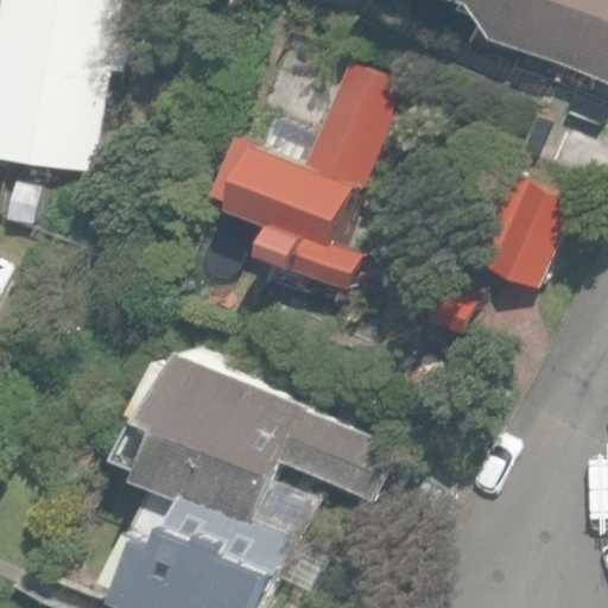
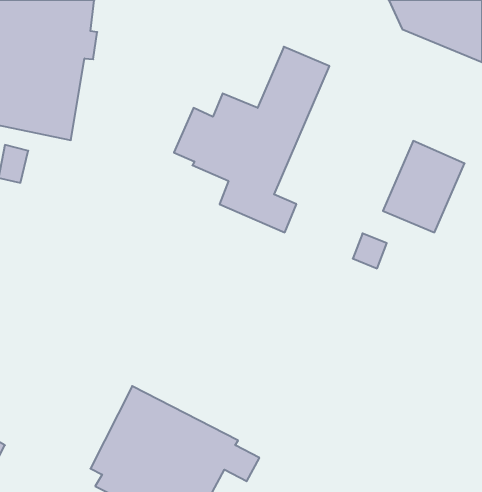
building: [122,346,395,544] -> none

